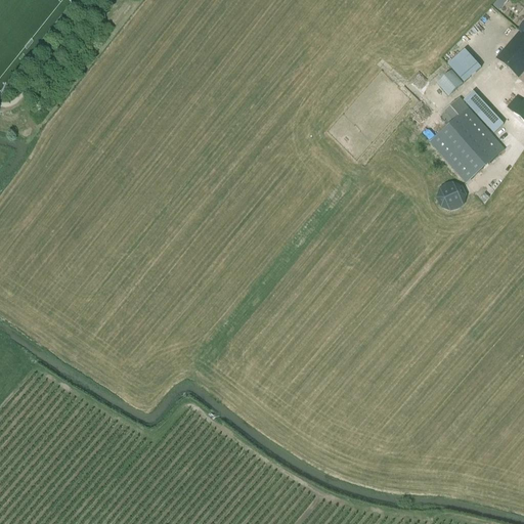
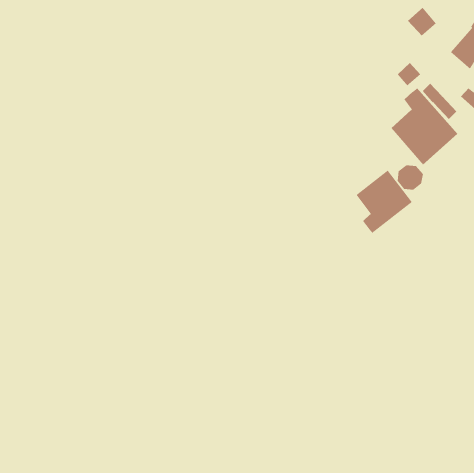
building: [449,48,482,81] -> [407,7,437,37]
building: none -> [355,169,413,234]

